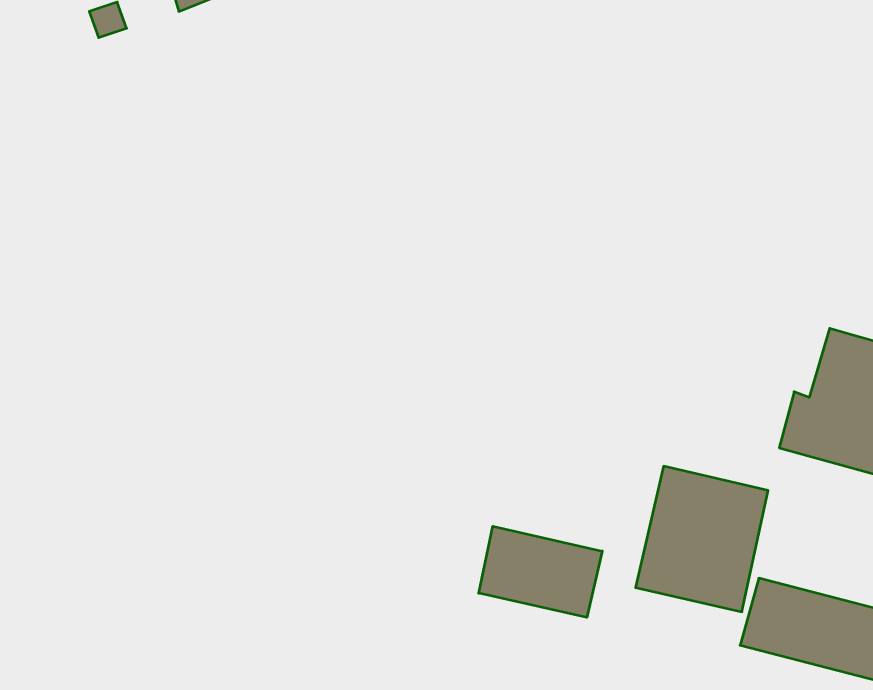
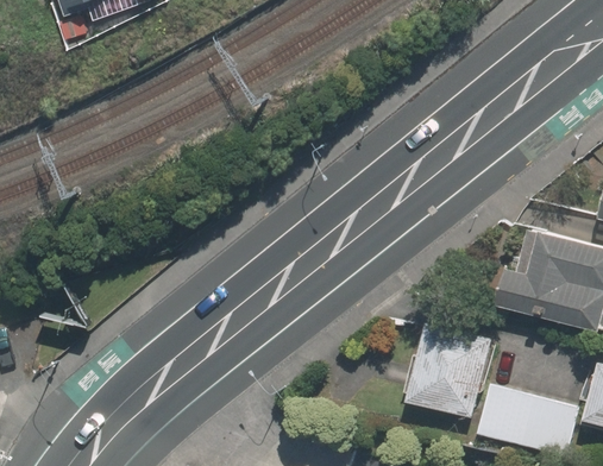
building: [479,526,602,617] -> none

